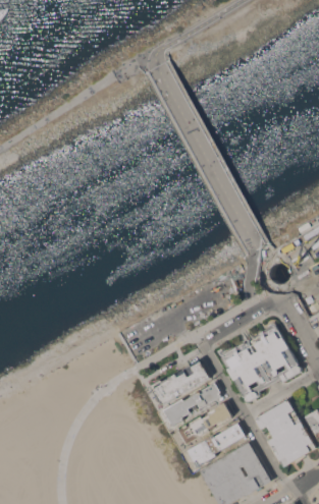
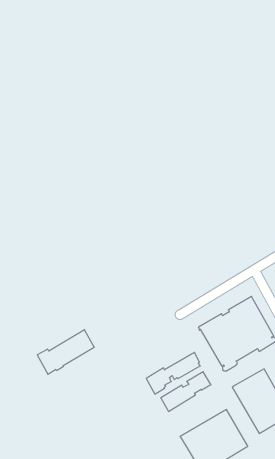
building: [150,359,210,406] -> [37,330,94,374]
building: [188,424,246,467] -> none

